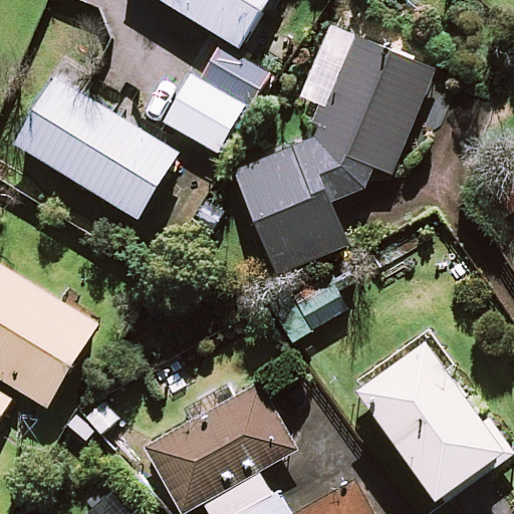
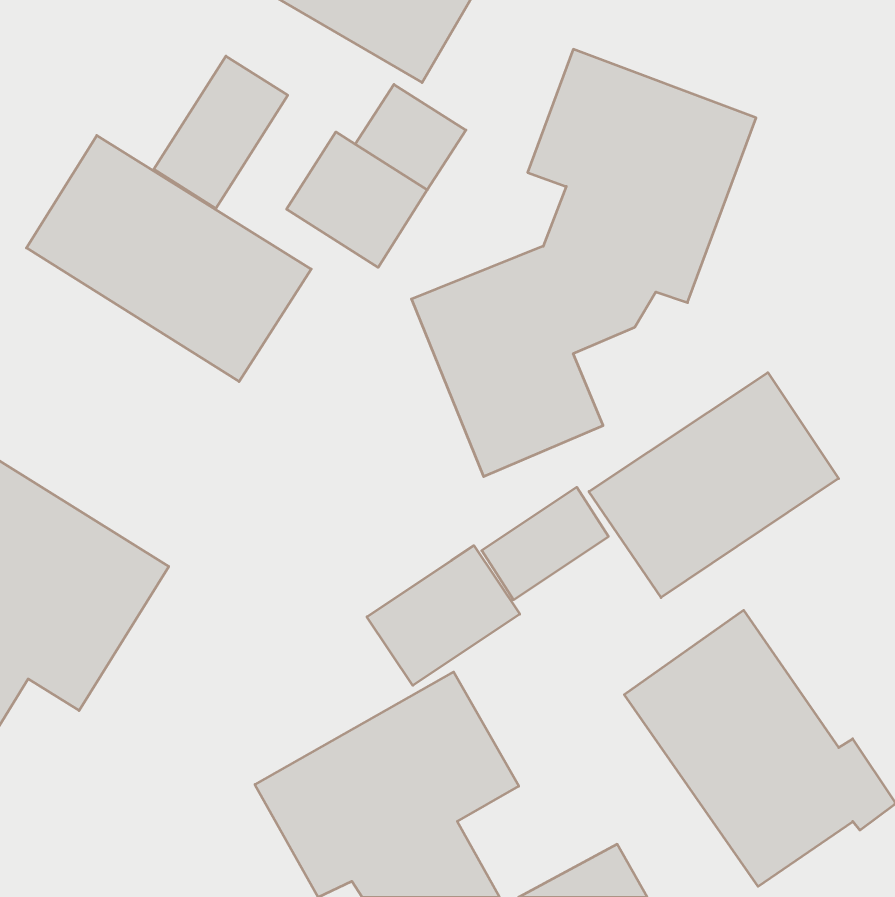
building: none -> [154,56,288,208]
building: none -> [589,373,839,598]
building: none -> [367,546,520,685]

